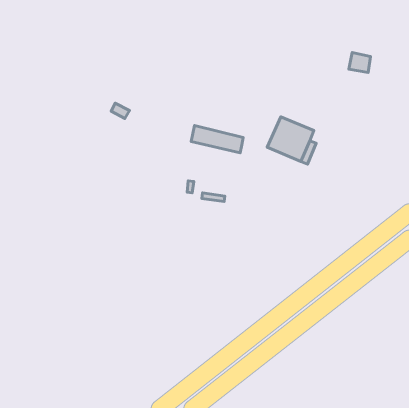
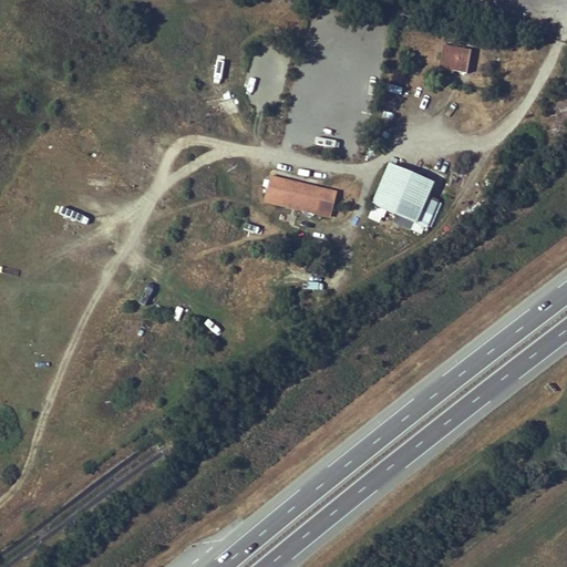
building: [349,52,371,72] -> [442,44,472,72]

